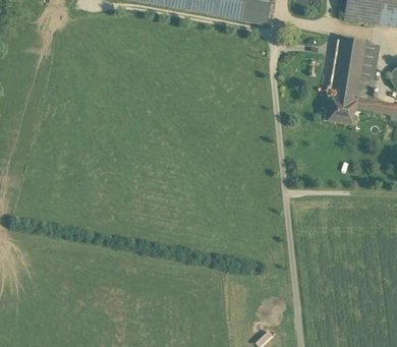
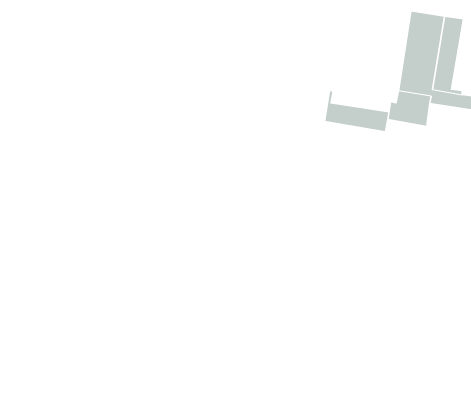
building: none -> [325,90,389,132]

